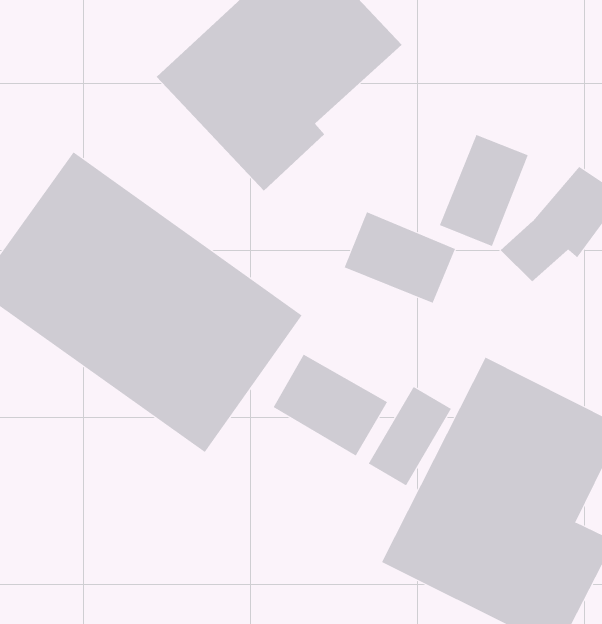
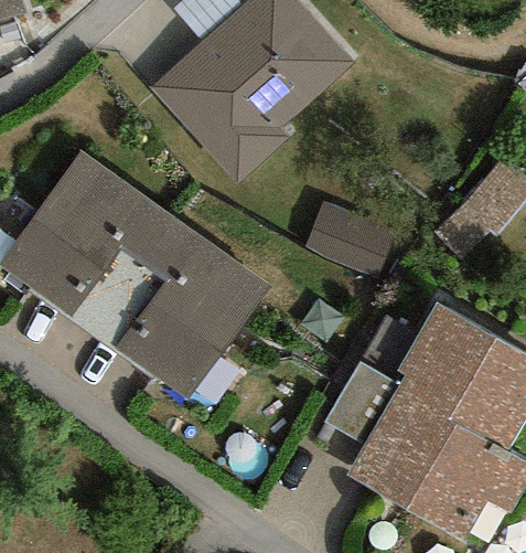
building: [439,134,528,247] -> none
building: [273,354,388,456] -> none

